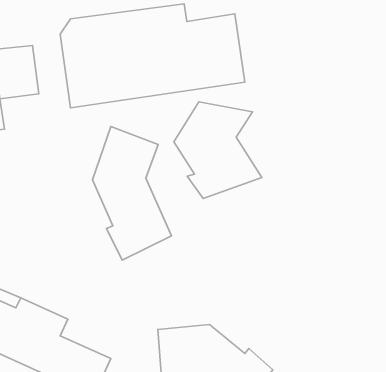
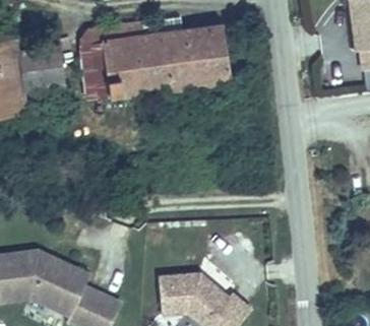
building: [174,102,262,198] -> none
building: [93,126,171,260] -> none

